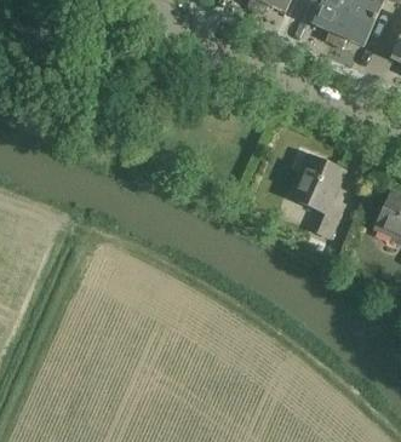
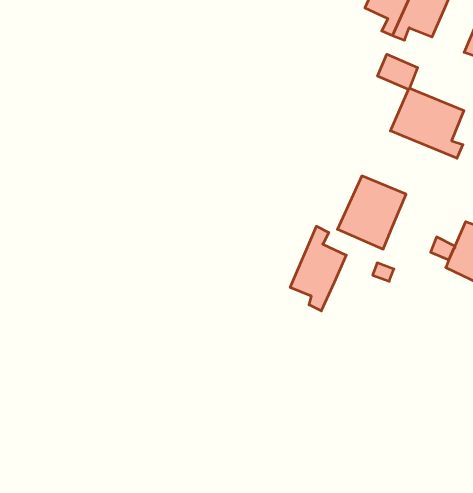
building: none -> [378,54,464,158]
building: none -> [290,226,346,311]

